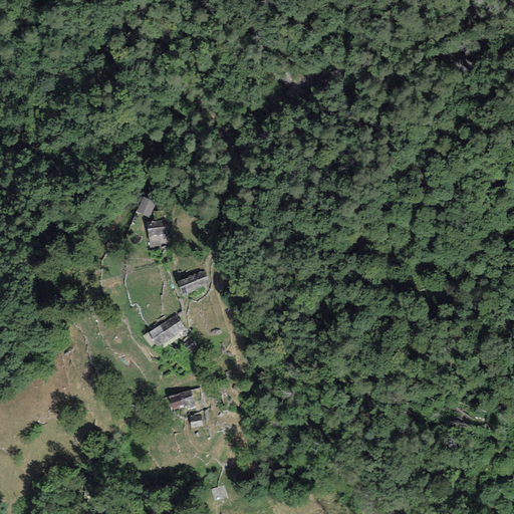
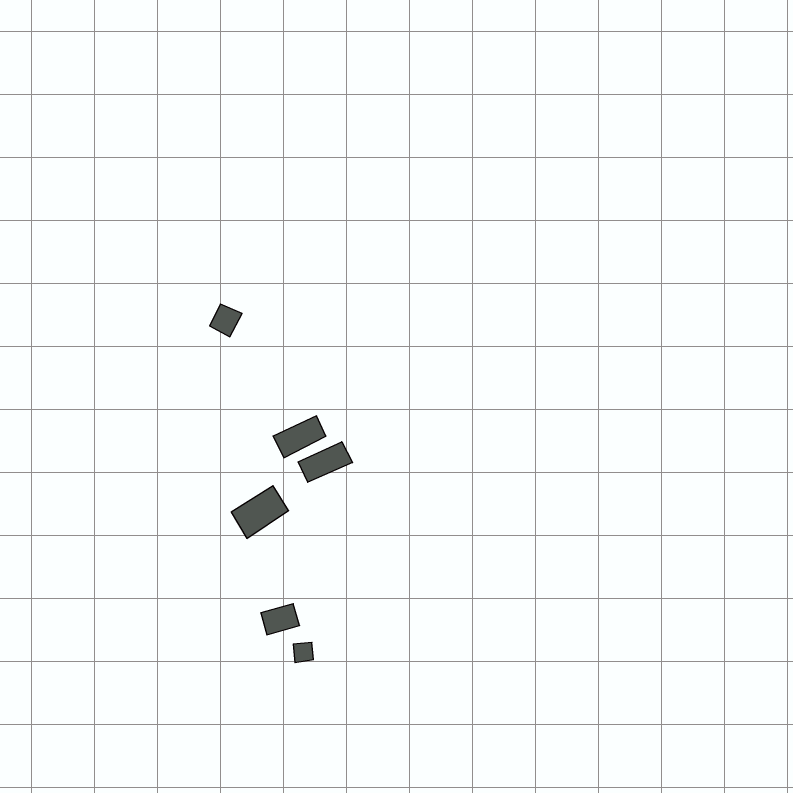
building: [147,220,168,247] -> none
building: none -> [298,442,353,482]

